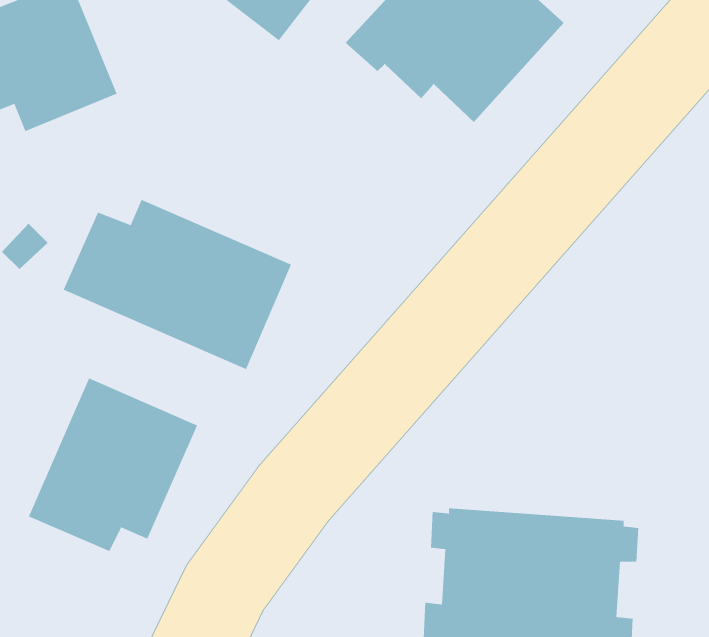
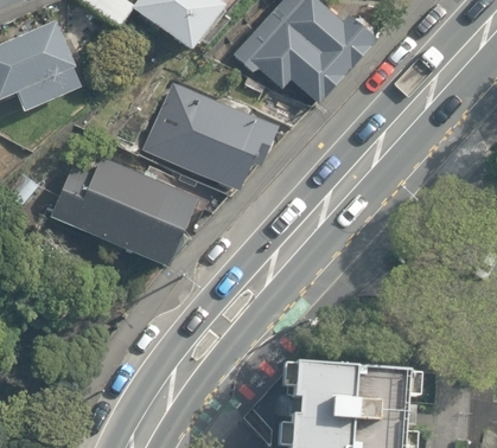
building: none -> [144,82,279,191]
building: [28,377,198,552] -> none

